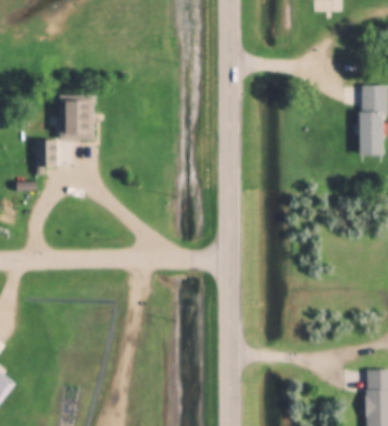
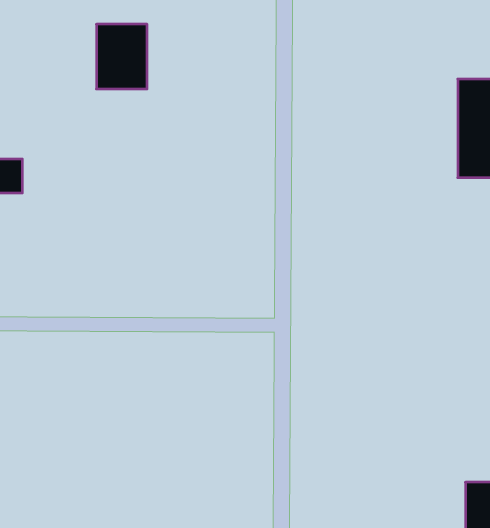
building: [59,95,95,140] -> [96,24,147,89]

